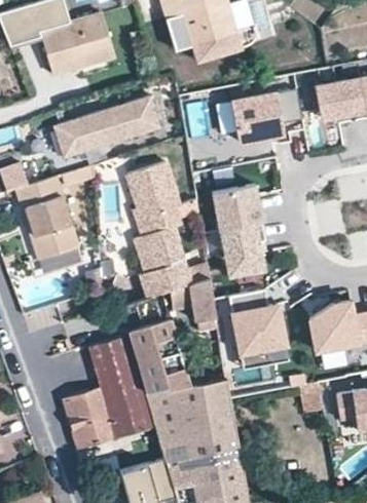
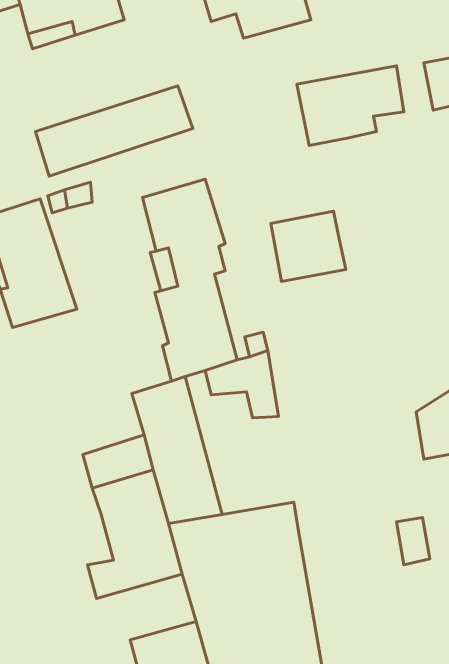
building: [220,222,266,275] -> none
building: [227,291,287,371] -> none
building: [60,386,107,450] -> none

